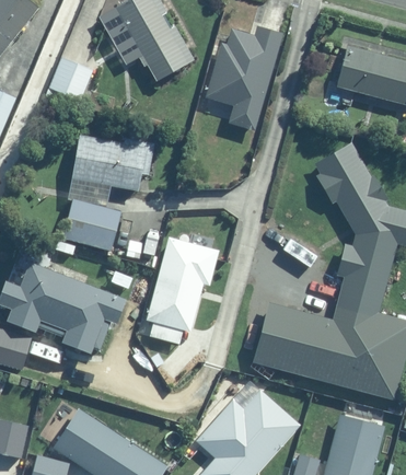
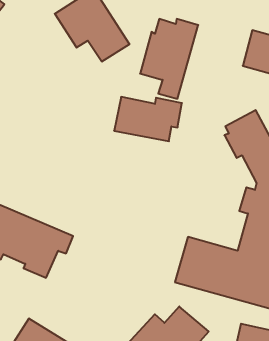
building: [47,57,91,104] -> none
building: [70,136,155,192] -> [114,97,182,141]
building: [61,198,123,250] -> none
building: [137,235,221,343] -> none

